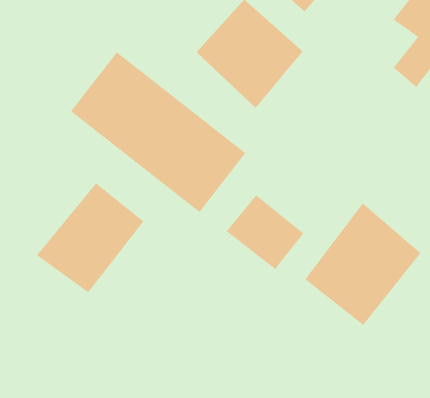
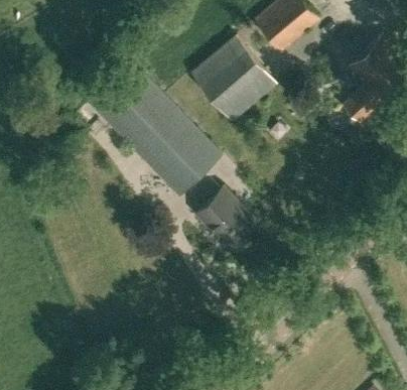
building: [36,183,144,293] -> none
building: [304,202,421,326] -> none

